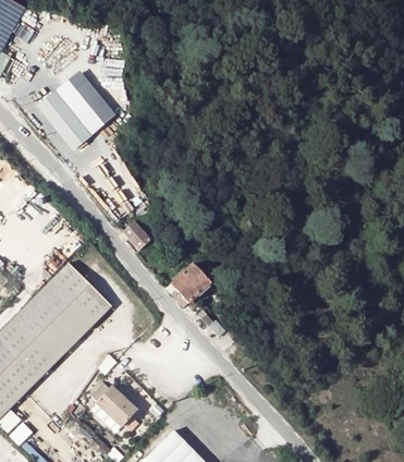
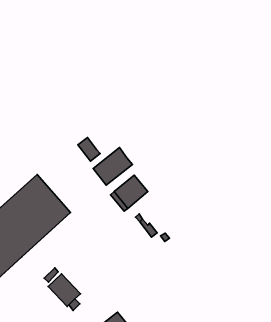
building: [33,68,109,145] -> none
building: none -> [93,148,132,185]

